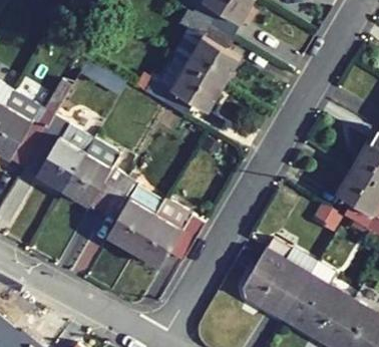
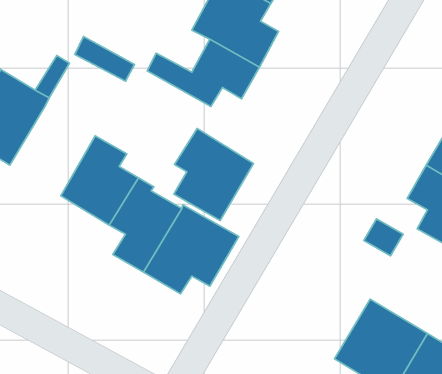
building: [25,118,92,190] -> none
building: none -> [174,128,253,220]
building: [243,248,309,318] -> none

